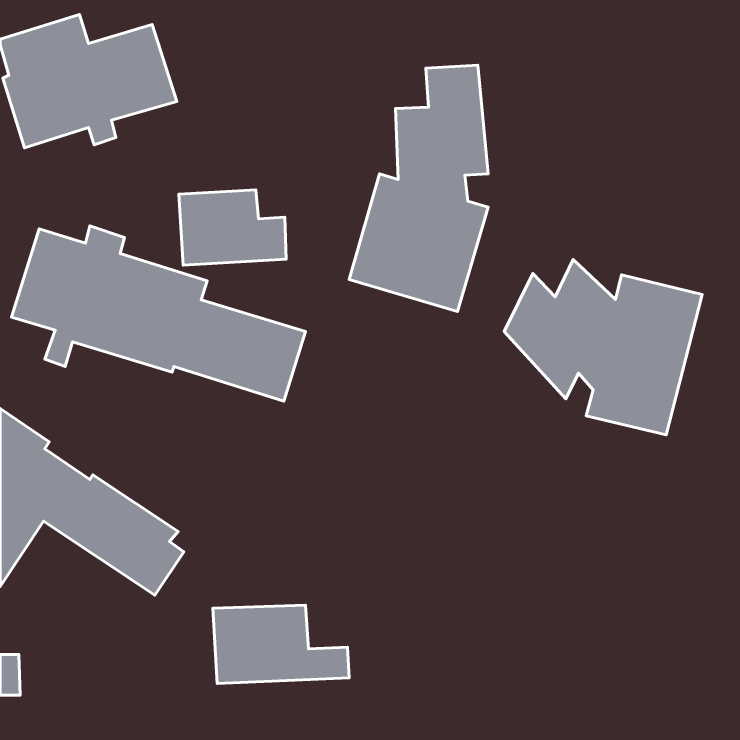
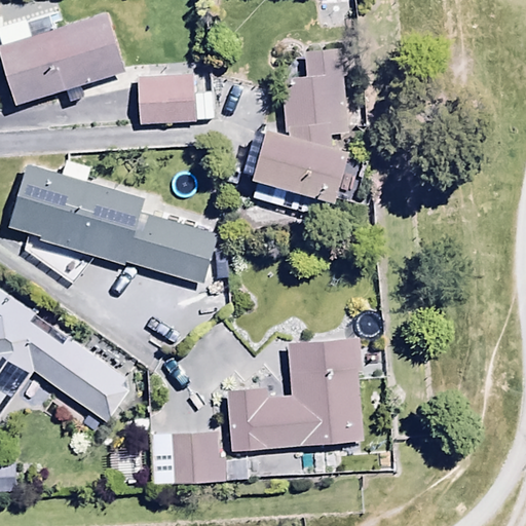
building: [179,190,286,265] -> [137,74,213,127]
building: [504,260,702,435] -> none
building: none -> [225,337,363,452]

